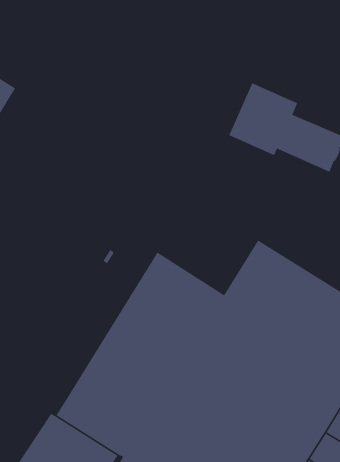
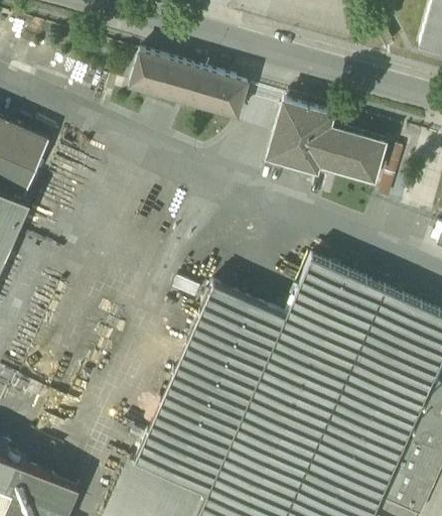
building: none -> [130,50,248,116]

